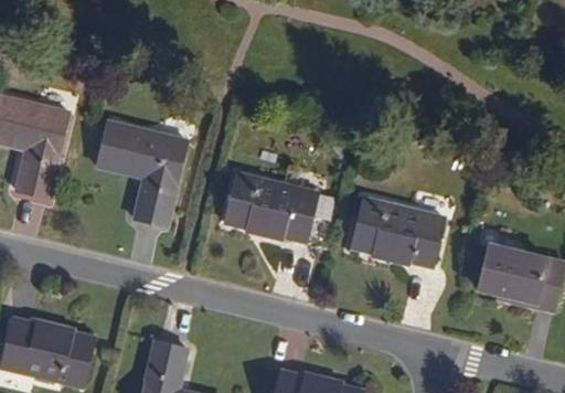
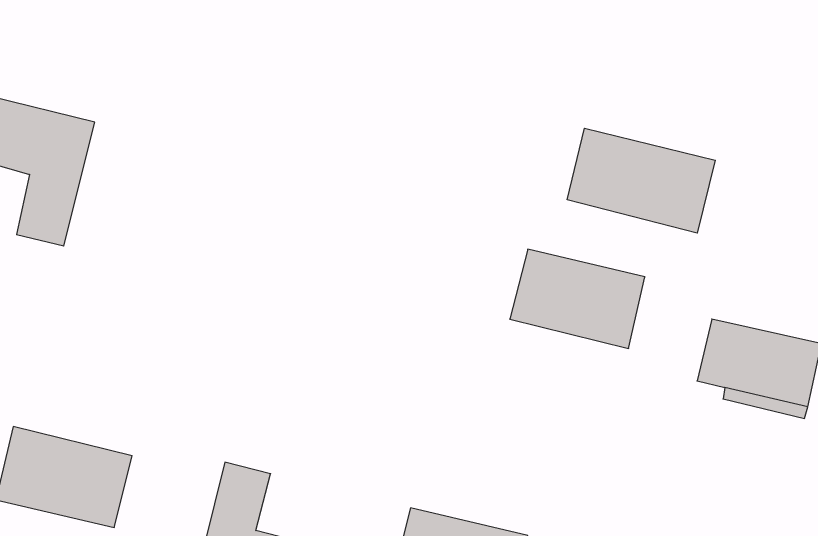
building: none -> [567,128,715,233]
building: [97,120,186,223] -> none
building: [223,172,316,240] -> none

